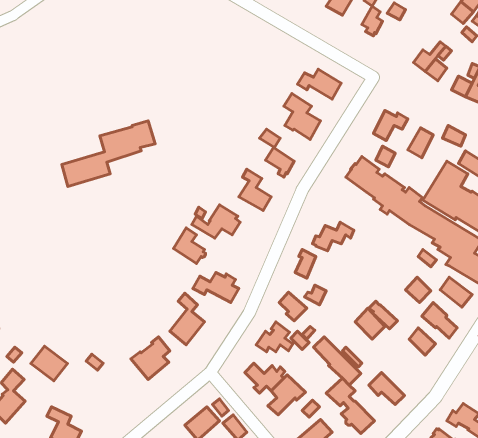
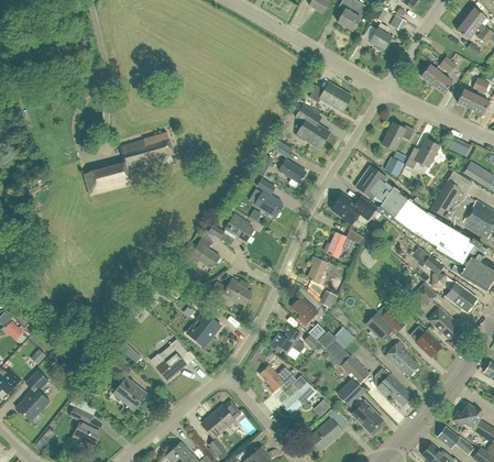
building: none -> [330,194,377,223]
building: none -> [384,340,419,375]
building: [31,346,68,381] -> [112,376,147,409]

